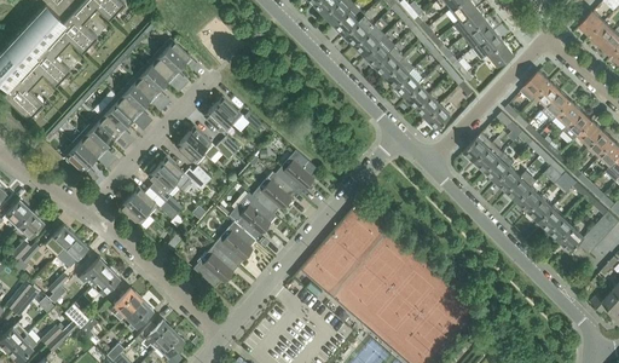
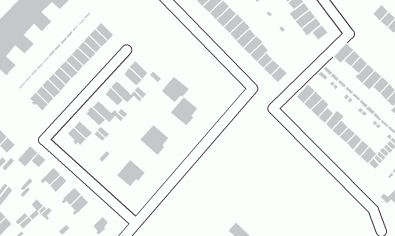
building: [253,173,296,214] -> [161,75,190,103]
building: [214,221,256,266] -> none
building: [137,322,173,350] -> none

